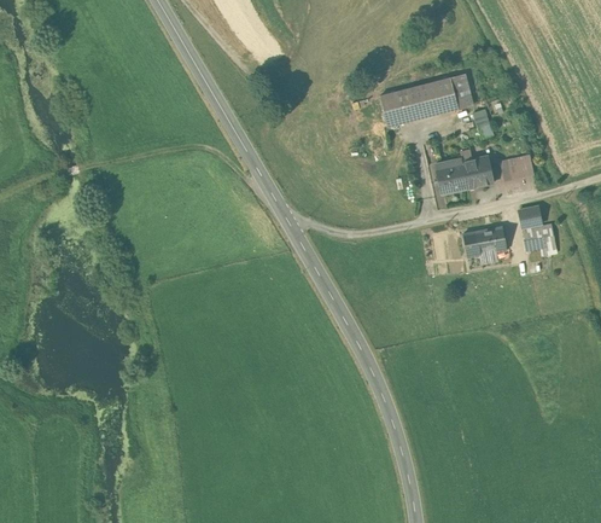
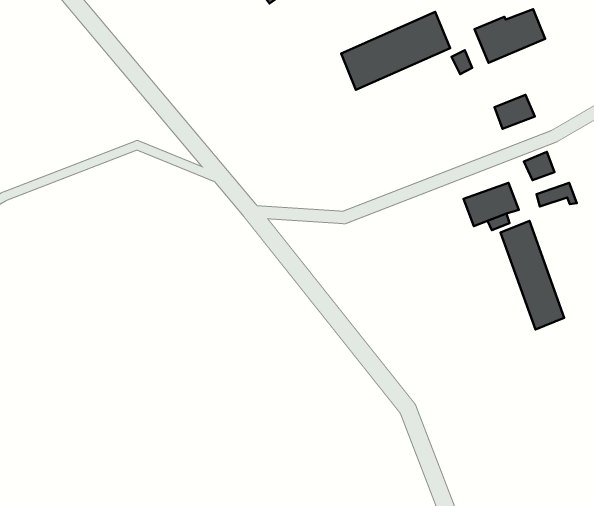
building: [434,156,492,194] -> [474,9,545,63]
building: none -> [500,221,564,330]

